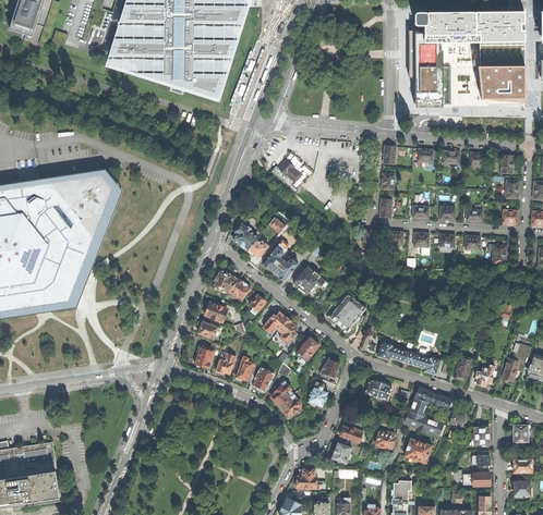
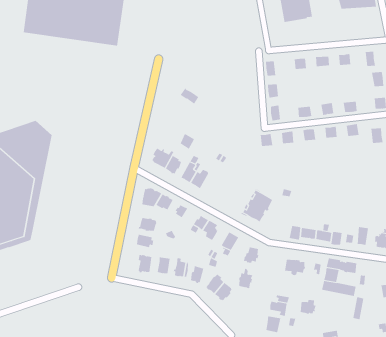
building: [292,266,327,293] -> none
building: [403,438,431,462] -> none

